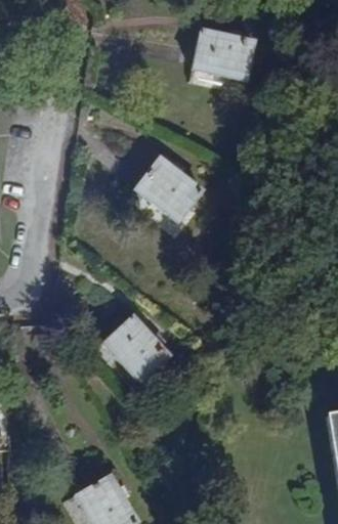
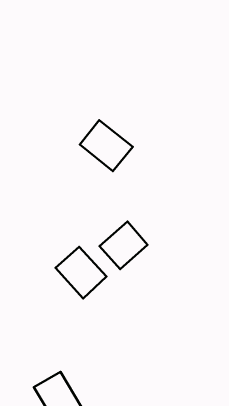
building: [196,30,254,78] -> none
building: none -> [99,222,148,269]

